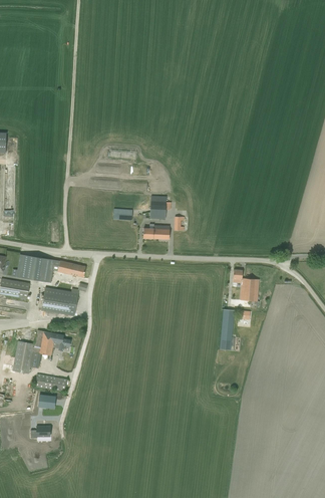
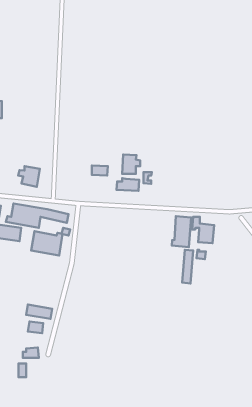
building: none -> [18,166,40,187]
building: none -> [172,216,191,247]
building: [12,329,70,374] -> none

